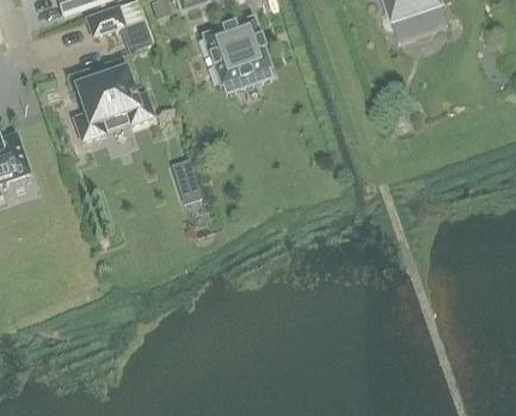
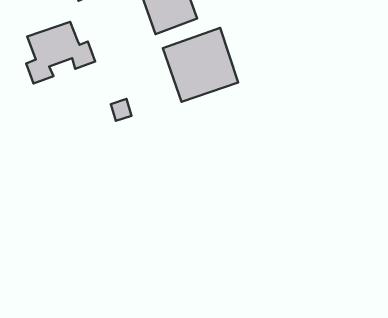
building: none -> [163,28,238,102]

